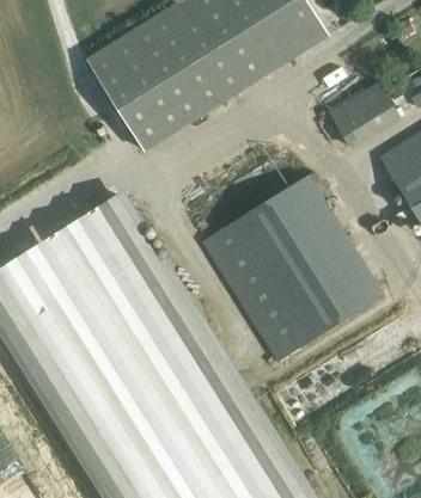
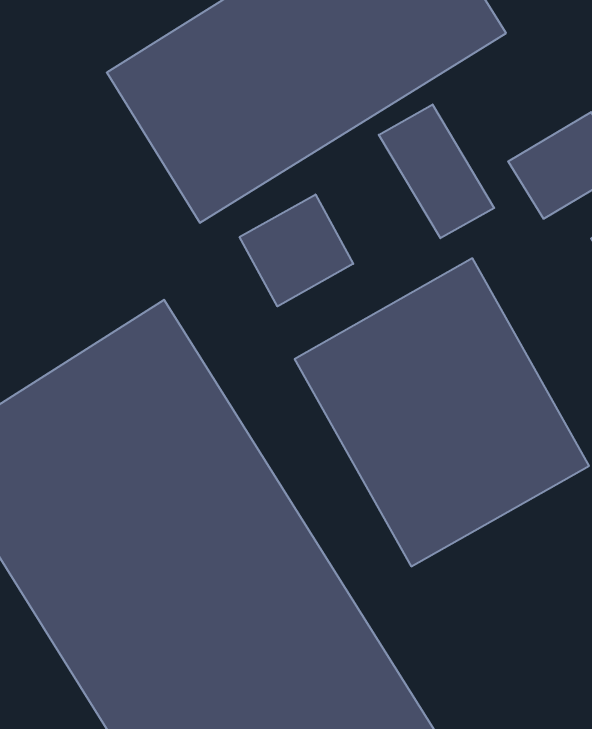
building: none -> [379,104,494,238]
building: none -> [240,194,353,306]

